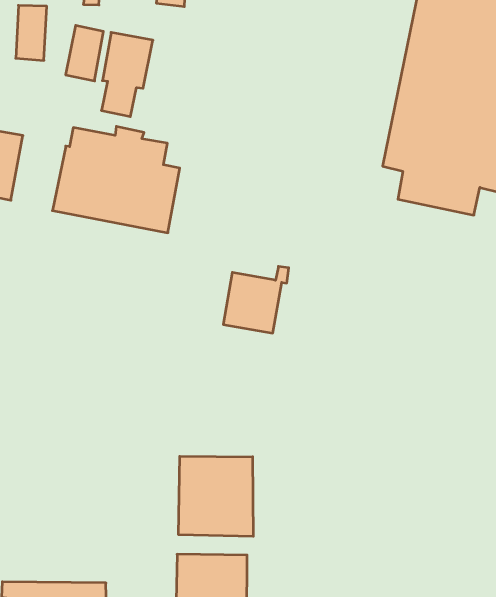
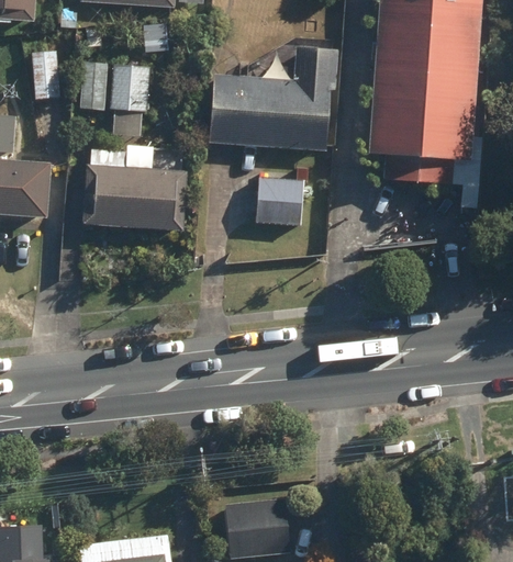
building: none -> [207,38,334,153]
building: [223,266,289,333] -> [259,169,309,226]
building: [179,456,253,536] -> none

